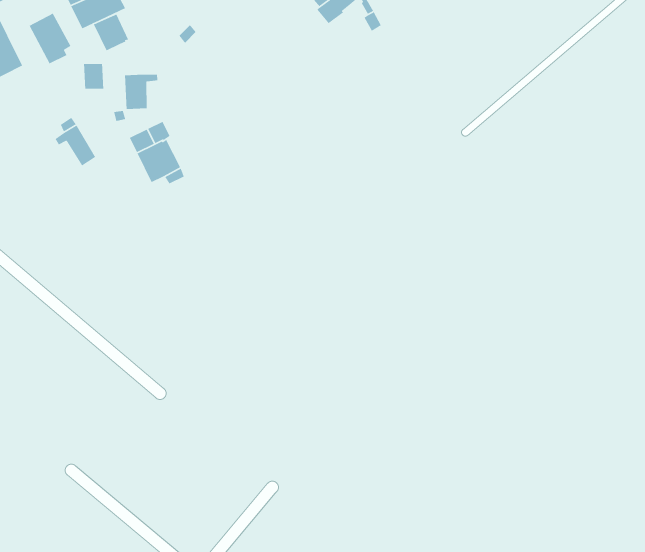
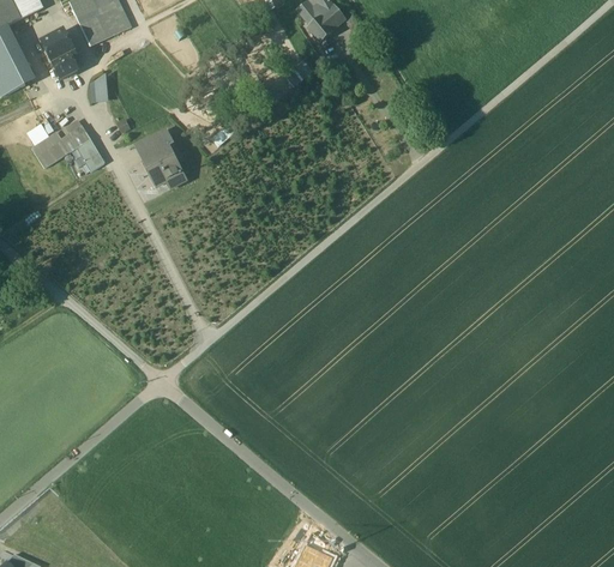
building: [93,13,129,51] -> none
building: [124,74,158,110] -> none
building: none -> [30,132,68,168]

